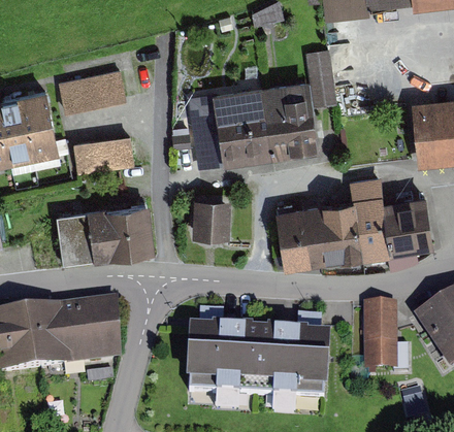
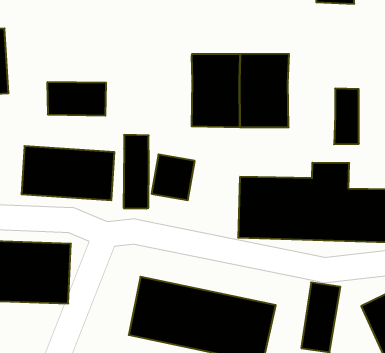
building: [304,49,336,108] -> [334,89,359,144]
building: [57,70,126,114] -> none
building: [21,90,59,160] -> none
building: [187,94,222,170] -> [124,135,149,208]

